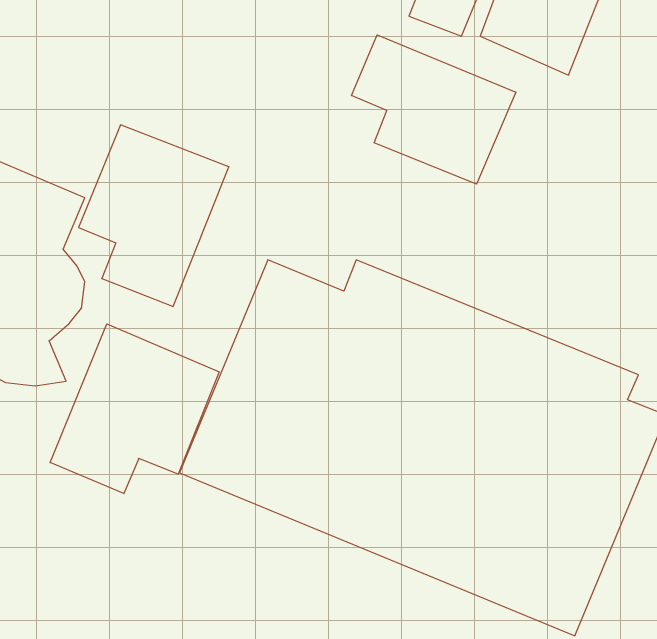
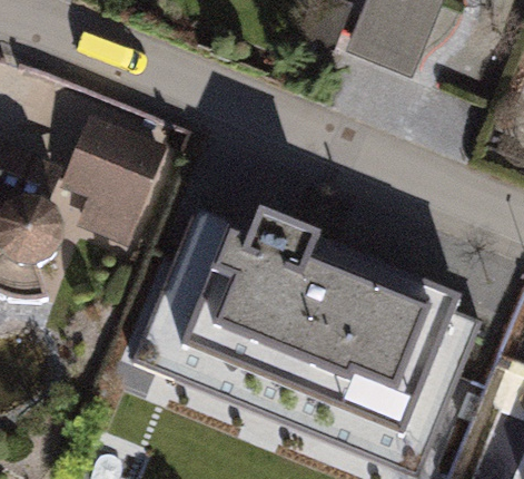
building: [352,35,516,184] -> none
building: [50,324,219,494] -> none

